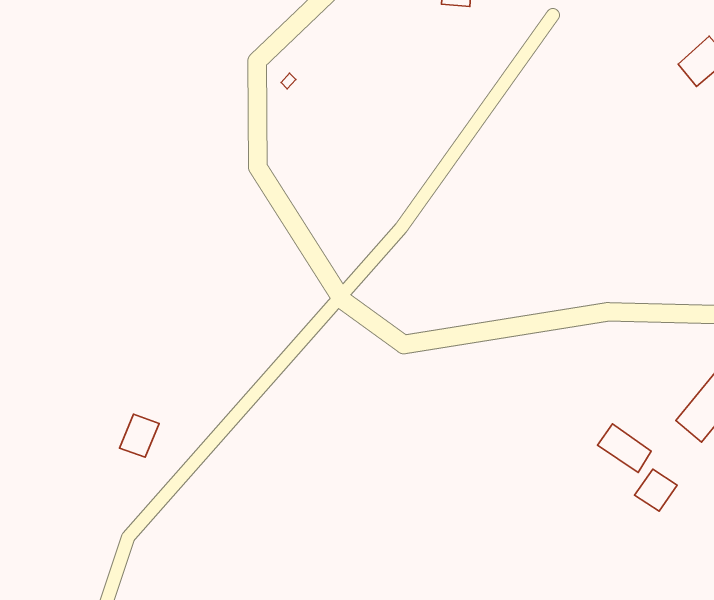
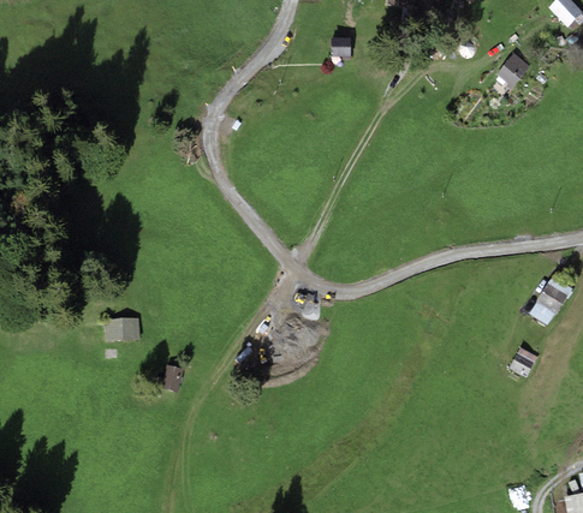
building: none -> [105,316,139,339]
building: [598,424,651,472] -> none

